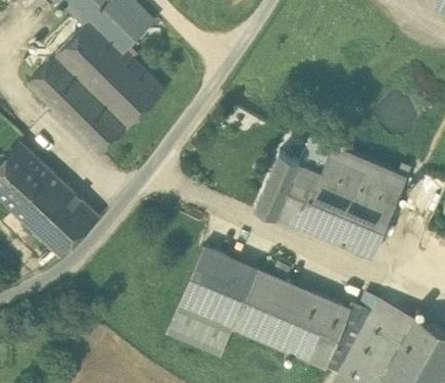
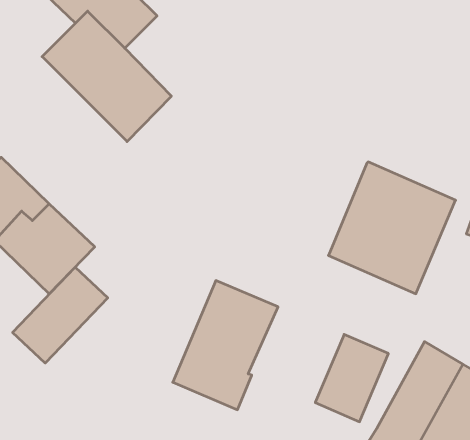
building: [29,55,128,154] -> none
building: [256,137,332,225] -> none
building: none -> [13,267,108,363]
building: [231,269,312,350] -> none
building: [326,301,374,373] -> none

